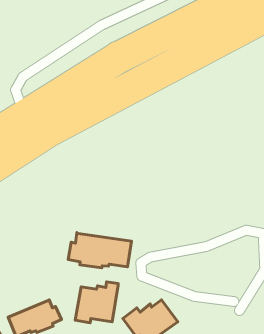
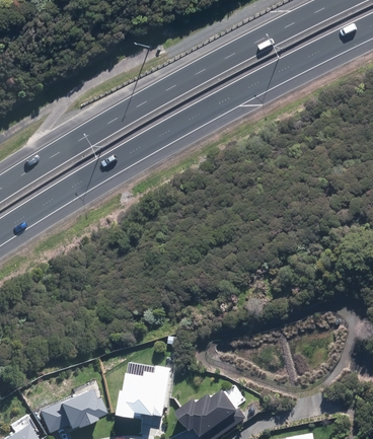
building: [68,233,132,268] -> none

